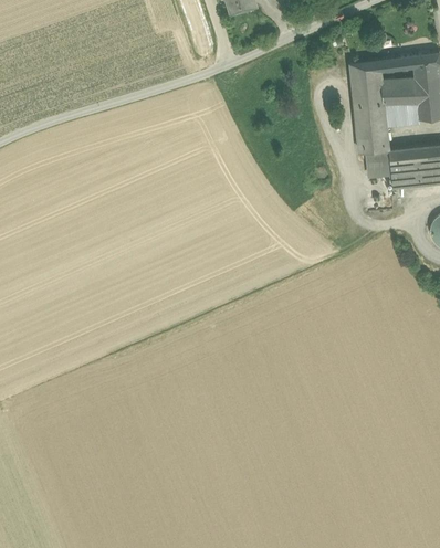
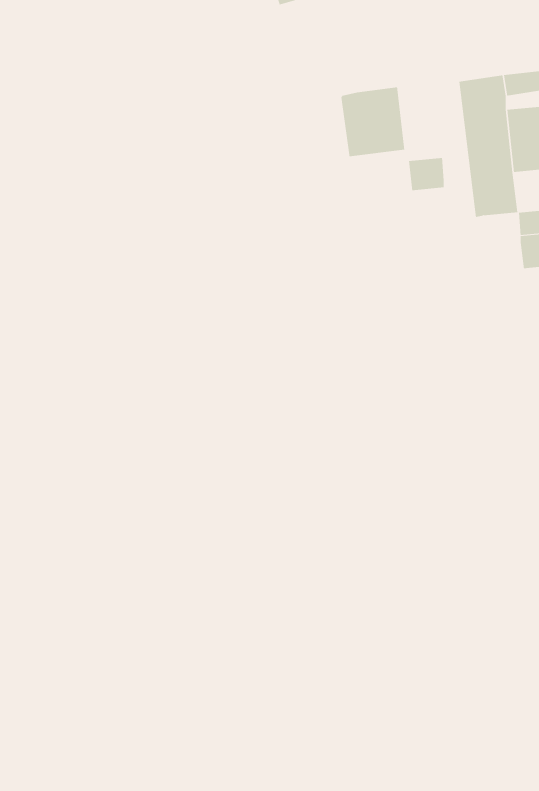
building: none -> [341,87,405,157]
building: [365,150,389,172] -> [408,158,445,191]

